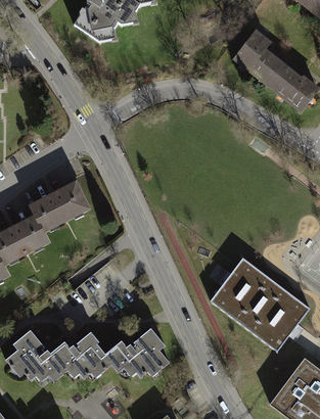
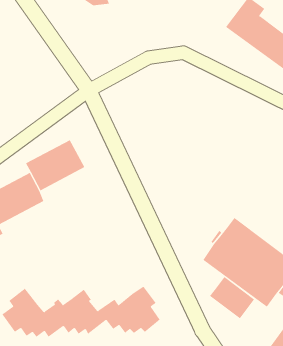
building: none -> [209,276,255,319]

